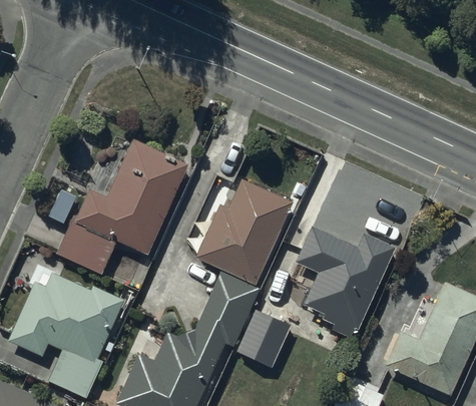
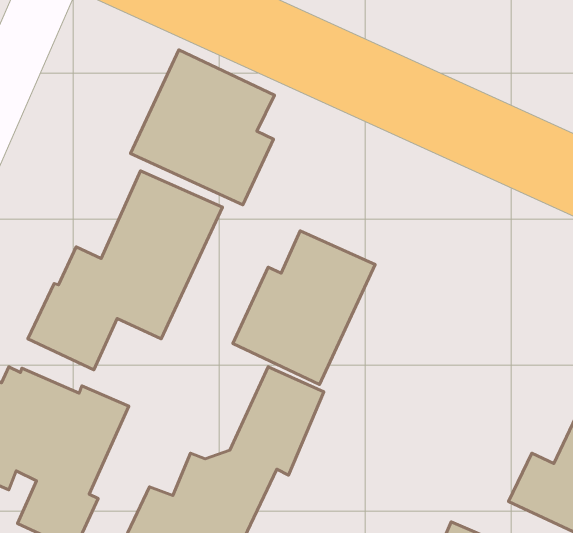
building: none -> [131,50,275,205]
building: [295,225,396,340] -> none
building: [239,312,290,367] -> none

